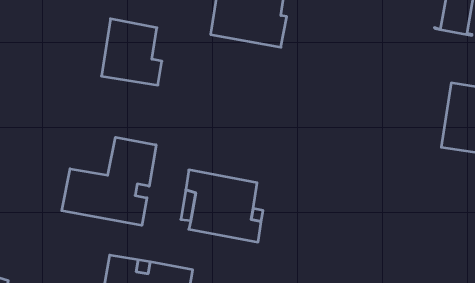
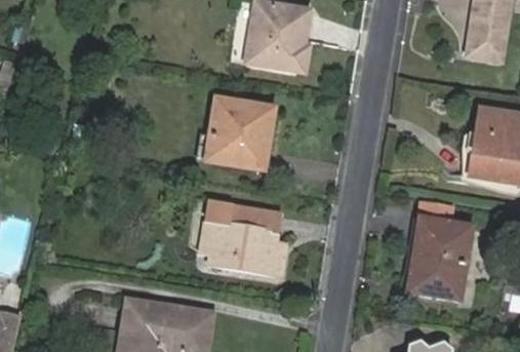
building: [101,19,162,85] -> [205,101,268,169]
building: [62,137,156,225] -> none
building: none -> [408,218,471,298]

